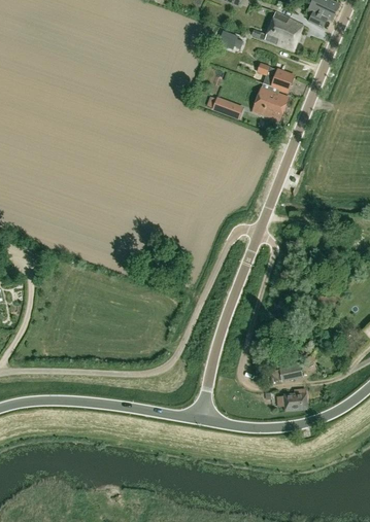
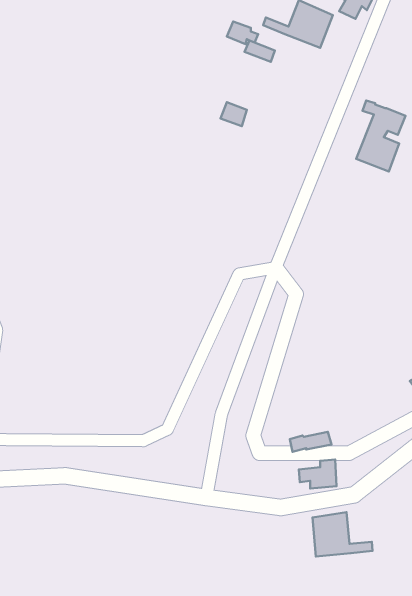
building: [253,62,293,119] -> [356,101,405,171]
building: none -> [312,512,372,556]

